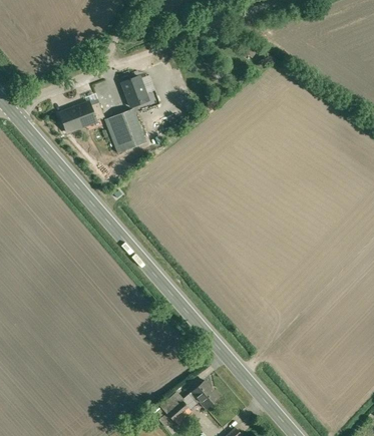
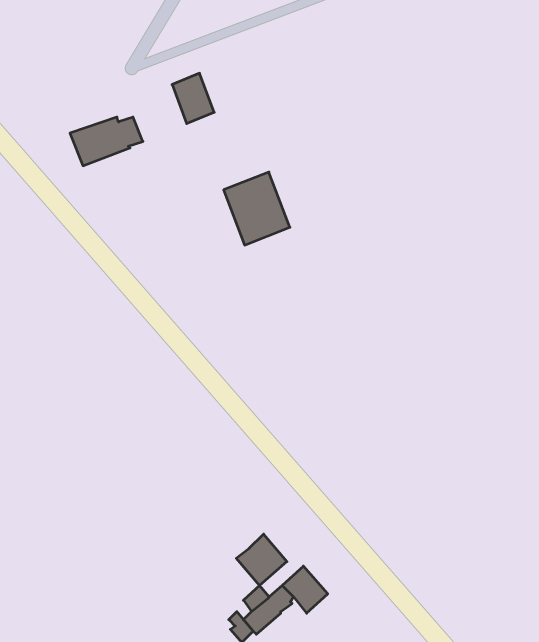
building: [105,108,146,153] -> [224,172,290,245]
building: none -> [236,534,287,586]

